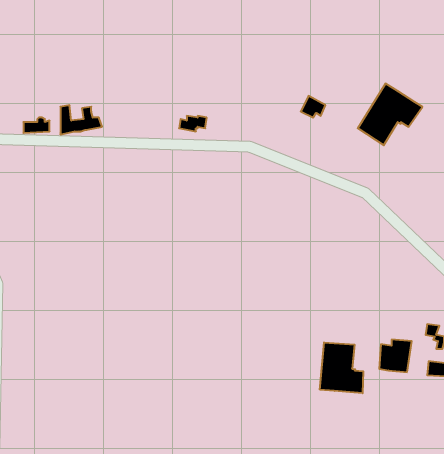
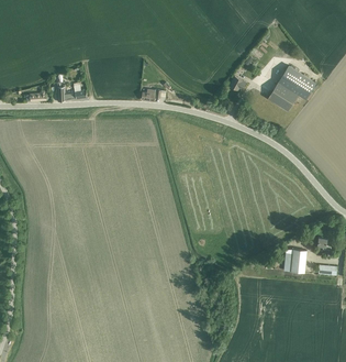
building: [320,342,363,393] -> none

